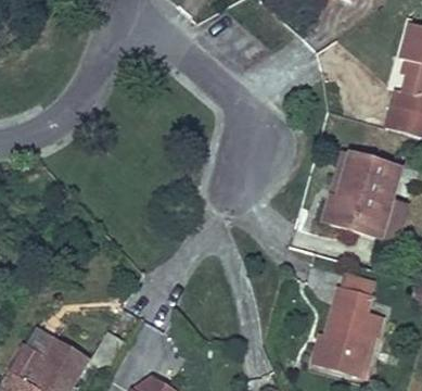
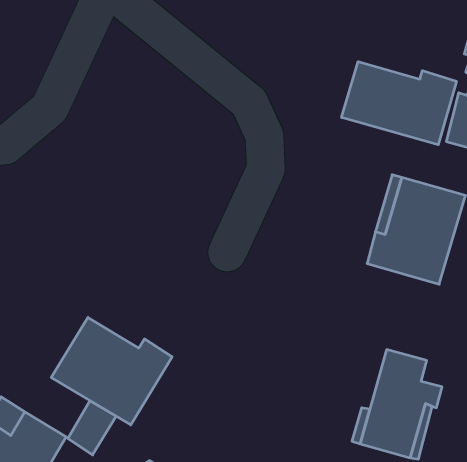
building: none -> [342,62,456,145]
building: none -> [51,317,172,425]

